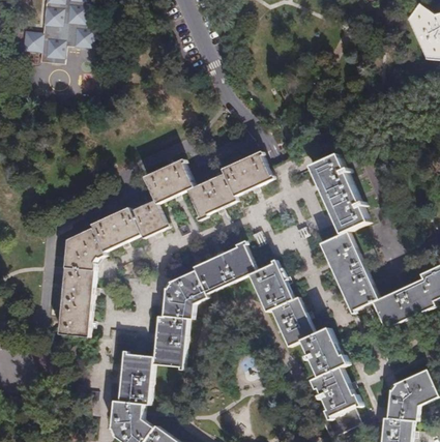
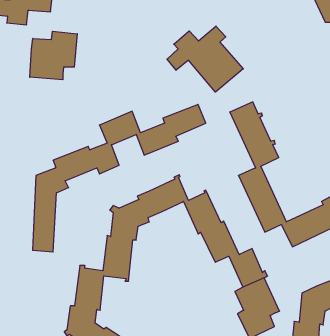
building: none -> [167,26,243,92]
building: none -> [30,31,77,80]

